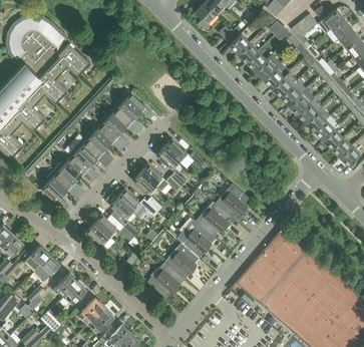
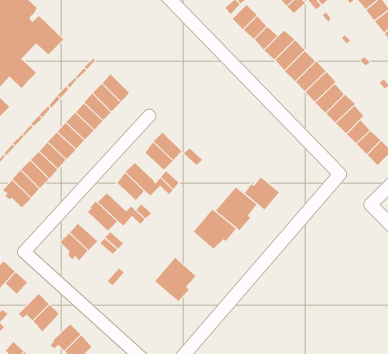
building: none -> [244,177,280,211]
building: [176,220,214,259] -> none
building: [147,263,185,298] -> none

